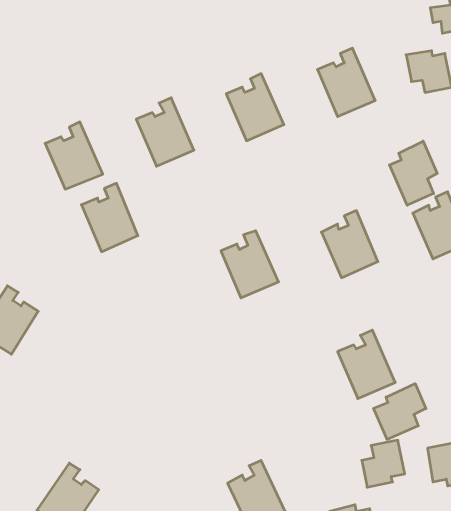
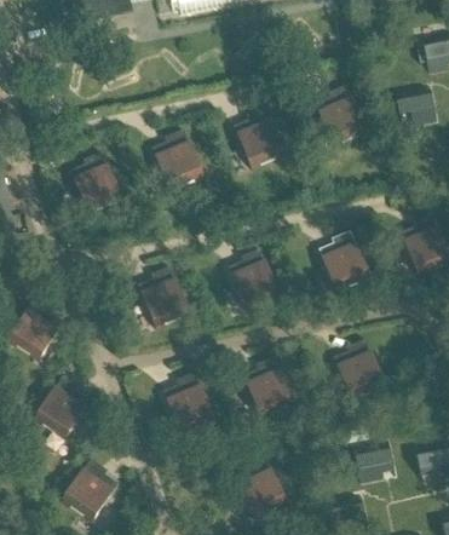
building: [389,141,437,205] -> none
building: [81,183,138,252] -> [138,266,189,328]
building: none -> [242,357,294,418]
building: none -> [162,373,214,433]
building: none -> [34,376,90,439]
building: [374,384,426,439] -> none

